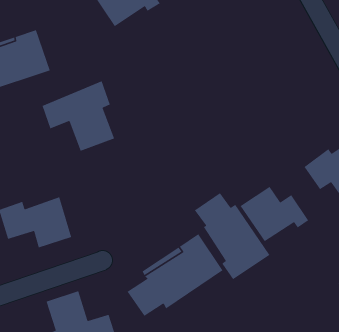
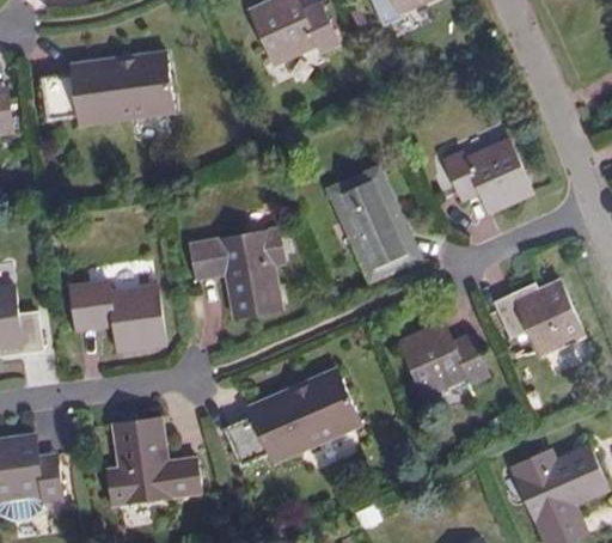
building: none -> [445,139,534,211]
building: [41,80,115,152] -> [190,225,284,317]
building: none -> [331,172,411,274]
building: [194,192,270,280] -> none

